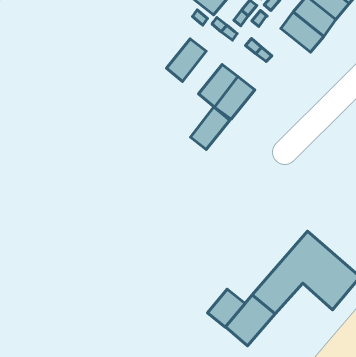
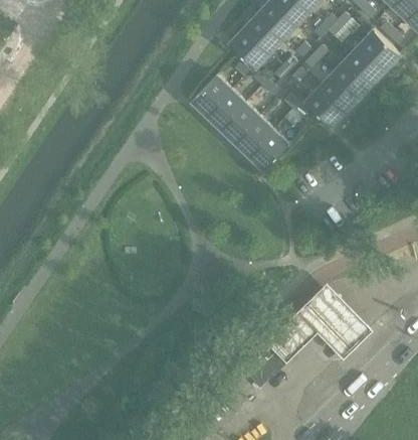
building: none -> [191,75,230,115]
building: none -> [303,87,344,126]
building: [190,107,230,149] -> [219,102,258,142]
building: [207,289,245,327] -> none

